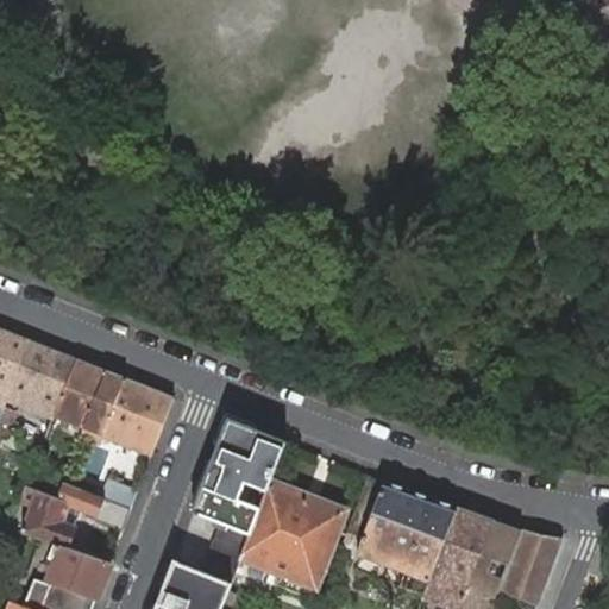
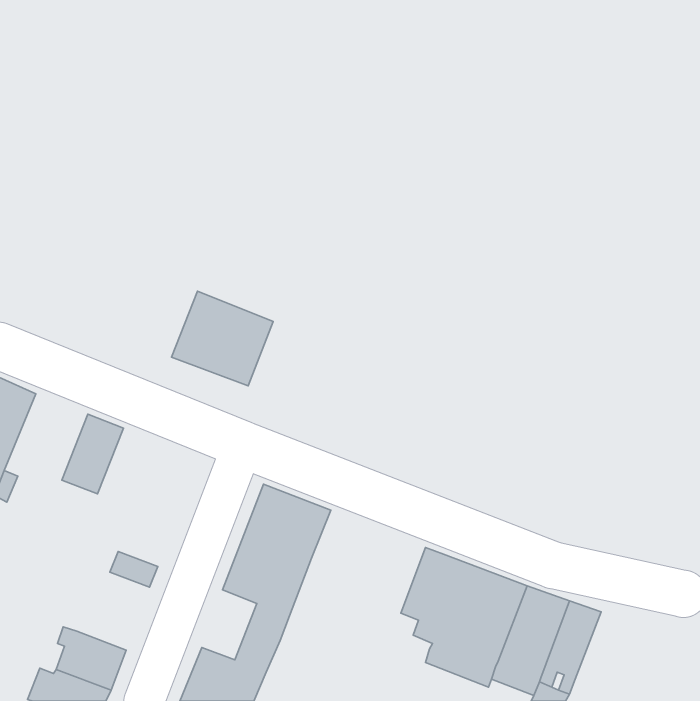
building: [7,341,76,417] -> none
building: [84,371,172,453] -> [171,291,273,386]
building: [10,483,88,547] -> none
building: [243,484,346,585] -> none
building: [498,530,561,603] -> none

